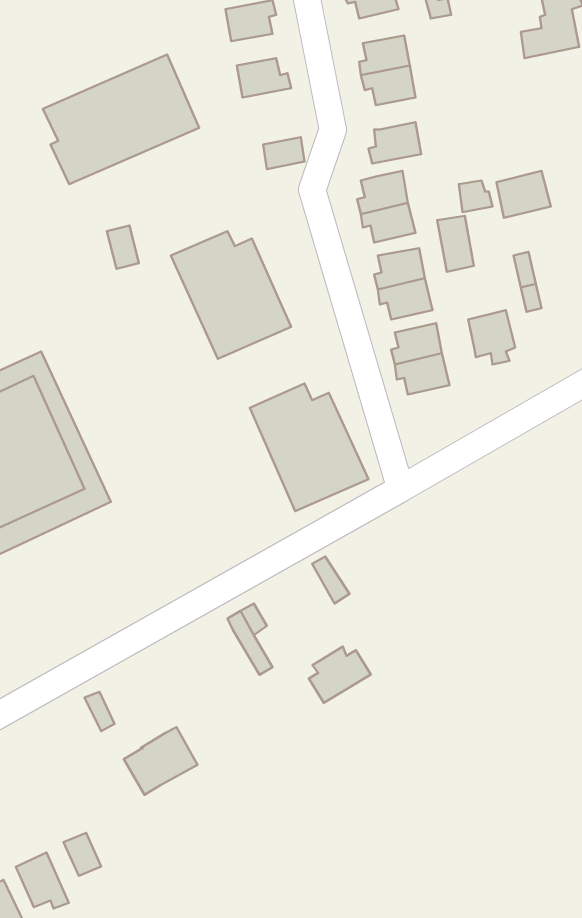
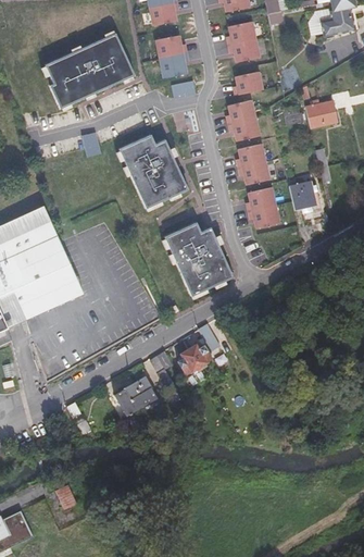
building: none -> [159,52,188,78]
building: [437,216,474,272] -> none
building: [309,646,371,703] -> [177,342,213,374]
building: [124,727,197,795] -> [114,375,156,414]
building: [16,853,69,908] -> none

